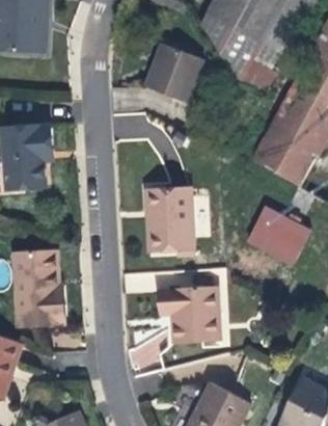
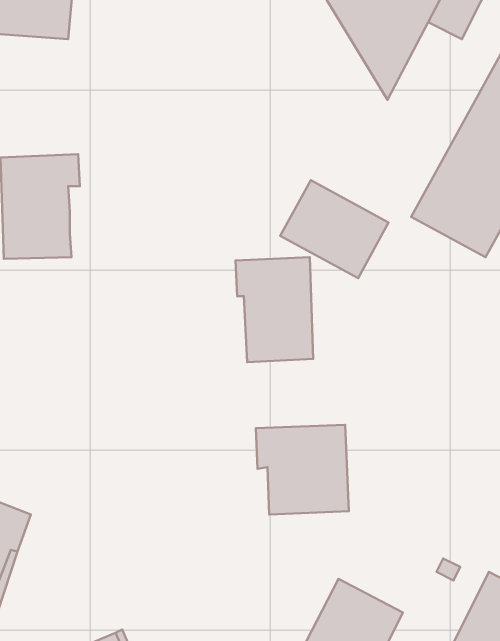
building: [144,44,202,104] -> none
building: [238,196,304,257] -> [280,180,388,278]
building: [10,248,59,323] -> none

